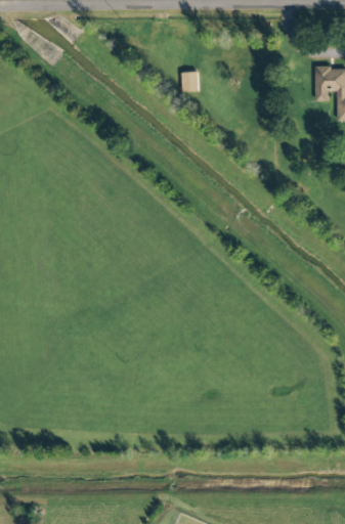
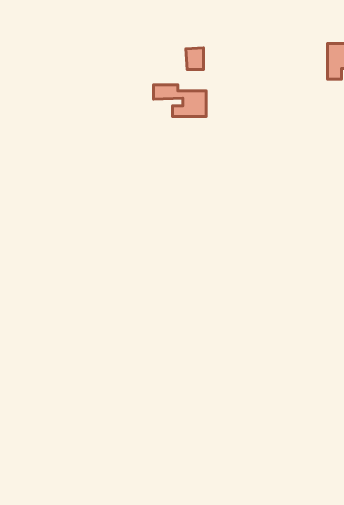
building: none -> [153,85,206,117]

